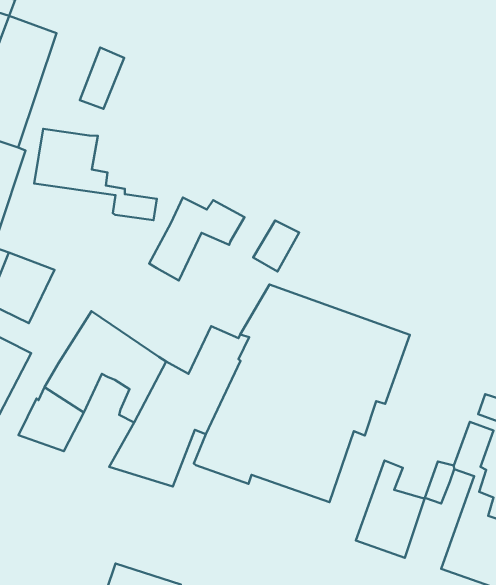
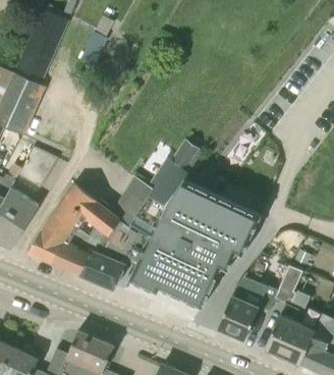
building: [34,129,157,220] -> none
building: [149,197,245,281] -> [112,177,169,225]
building: none -> [53,221,95,275]

